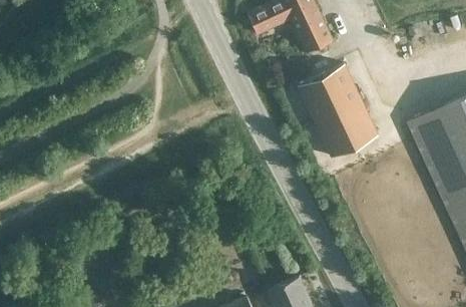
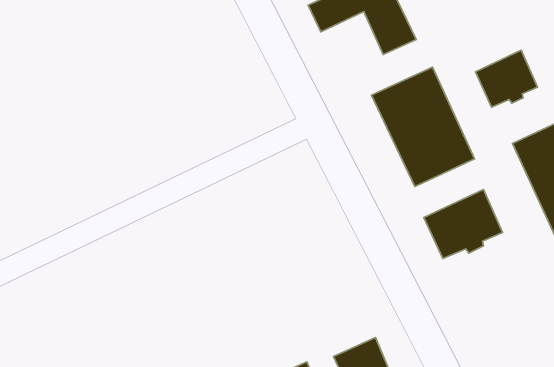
building: none -> [475,50,537,107]
building: none -> [424,190,502,259]

